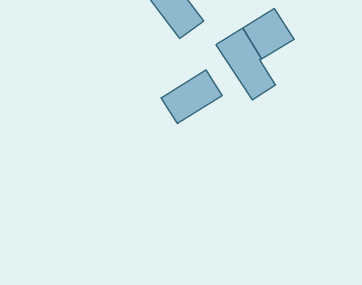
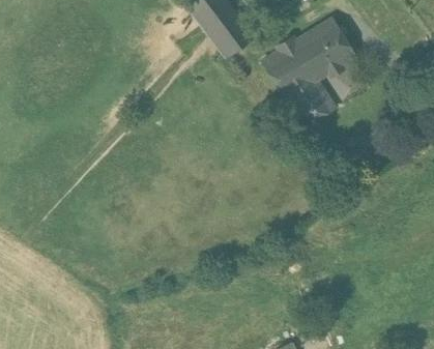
building: [161,70,222,124] -> none

